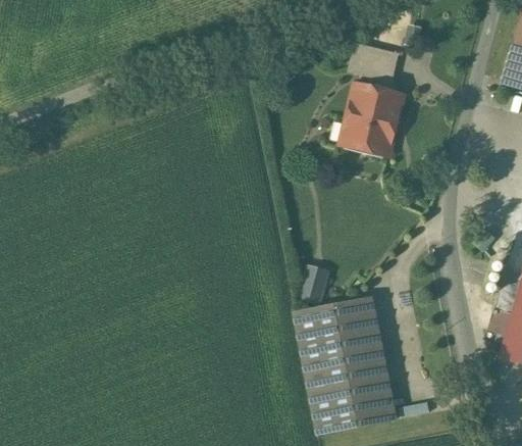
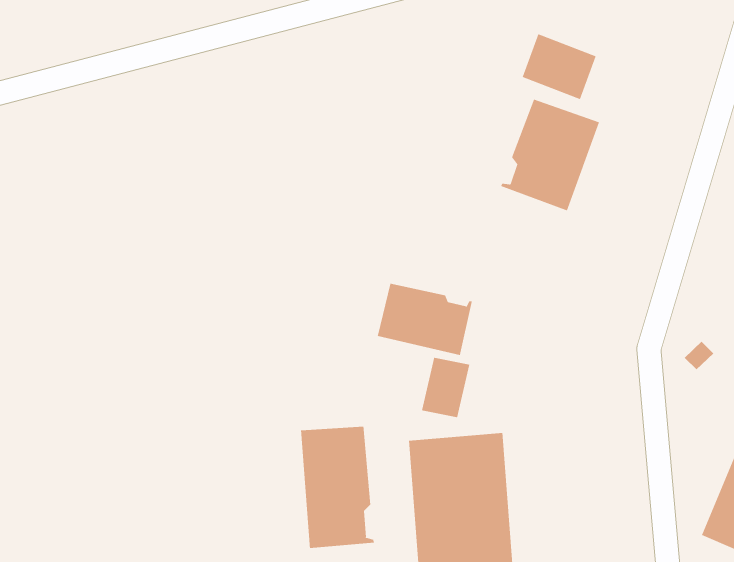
building: none -> [377,283,472,356]
building: none -> [300,426,374,549]

